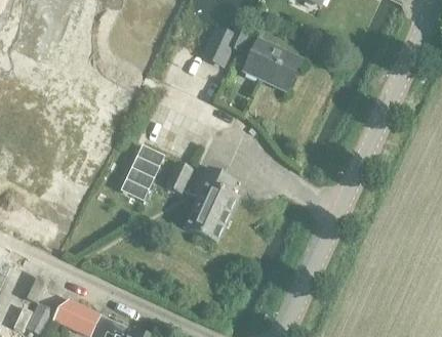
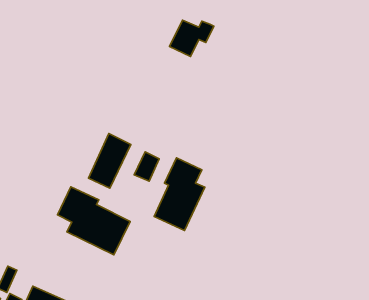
building: [243,40,299,88] -> none
building: none -> [58,187,130,255]

